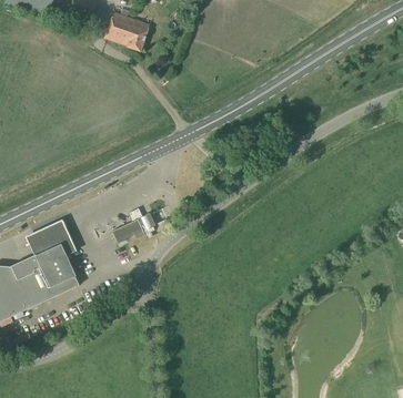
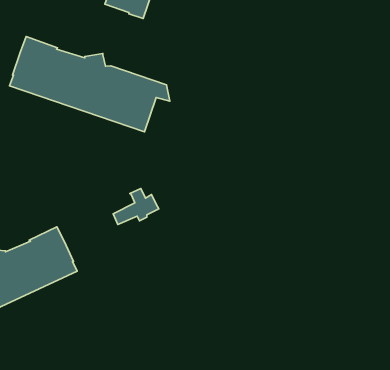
building: none -> [10,37,170,132]
building: [27,221,77,256] -> none

